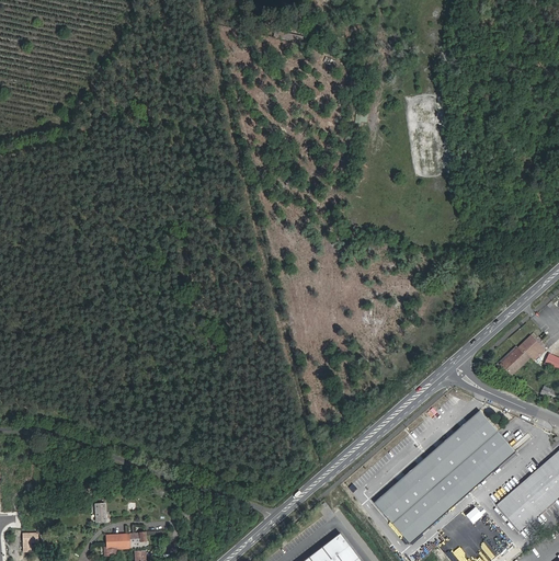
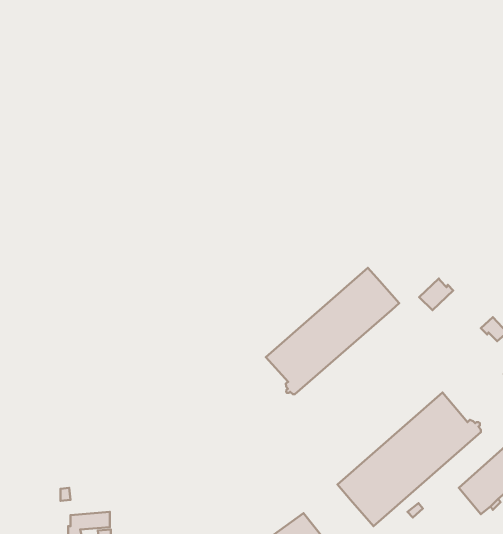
building: none -> [266,268,399,394]
building: [497,344,531,376] -> [419,278,453,310]

